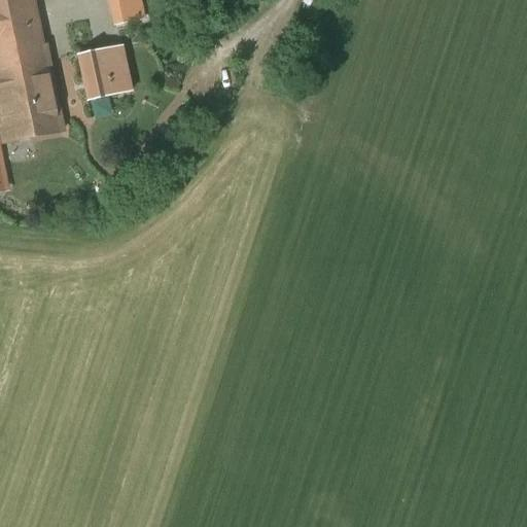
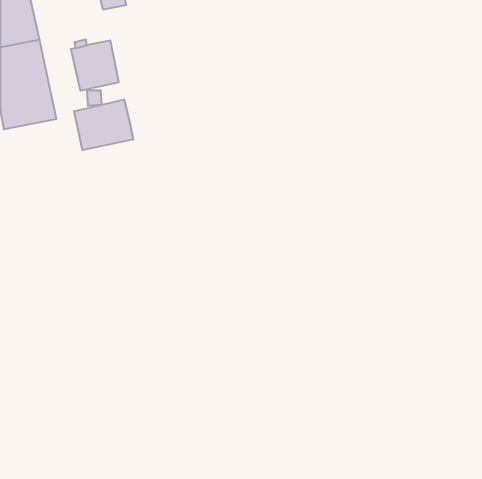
building: none -> [74,99,133,150]

